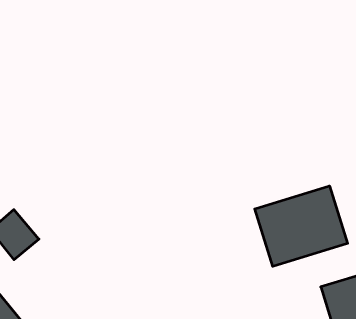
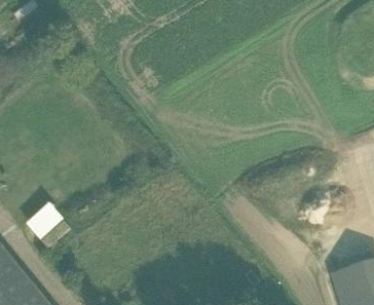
building: [255,186,348,266] -> none

